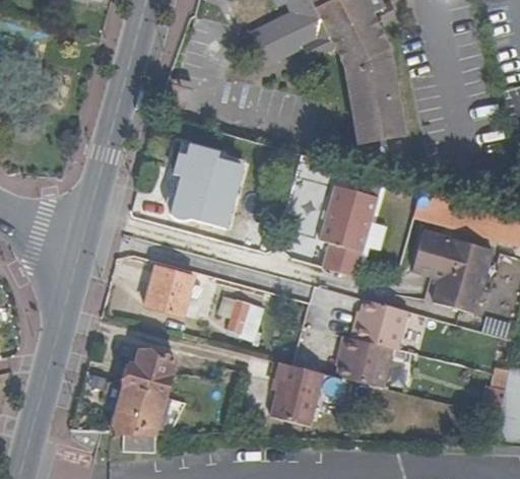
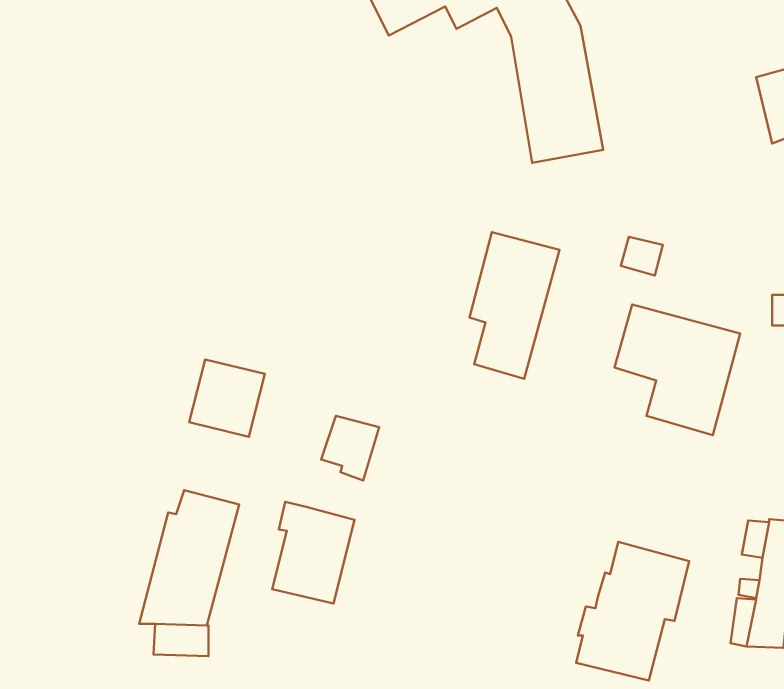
building: [169,142,239,226] -> none
building: [337,299,408,387] -> [576,542,689,681]
building: [272,361,324,425] -> [272,502,355,604]

